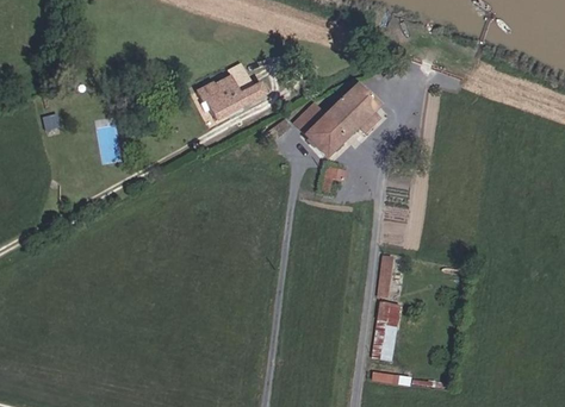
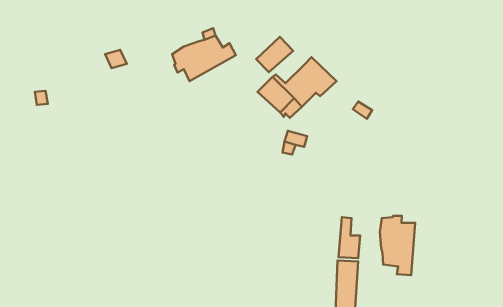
building: none -> [256,37,293,72]
building: none -> [380,216,415,275]

